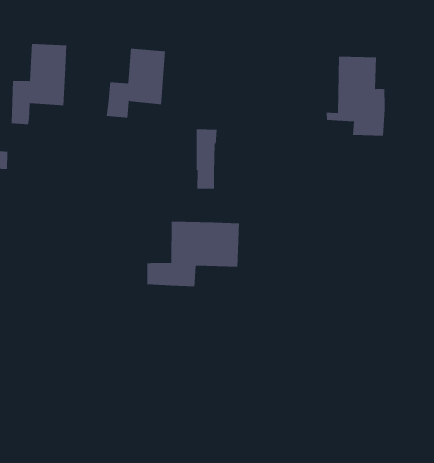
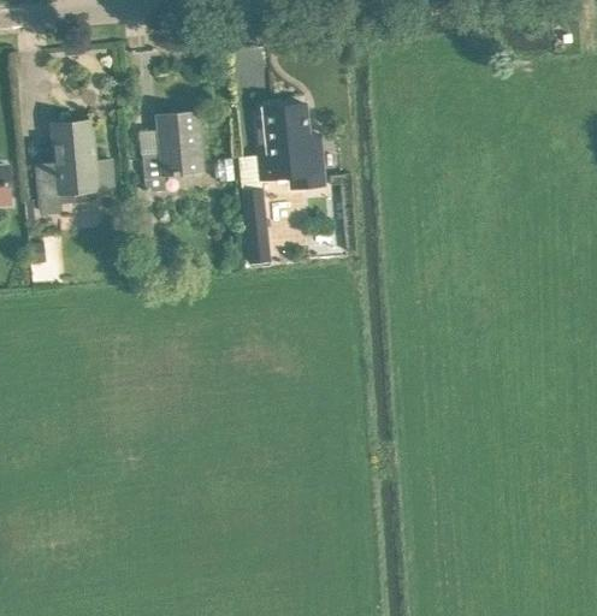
building: [326,56,385,136] -> [260,102,325,189]
building: [147,221,239,287] -> none

